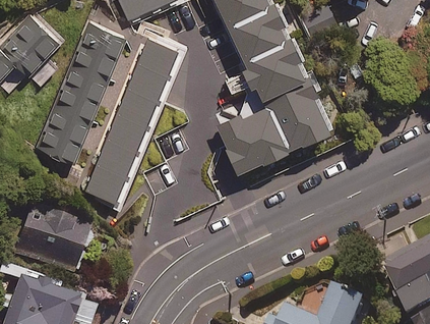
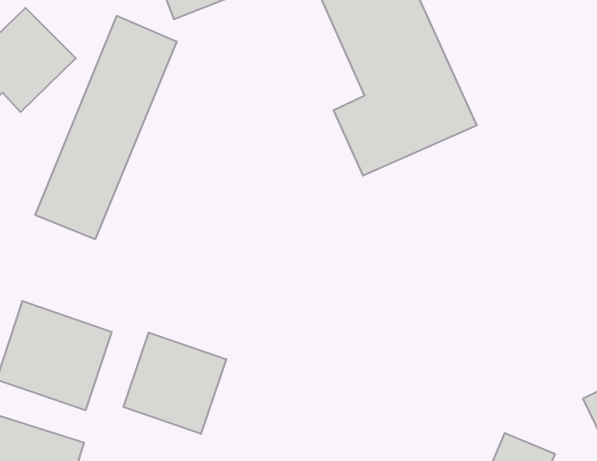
building: [83,43,179,208] -> none
building: [218,89,334,179] -> none
building: none -> [124,332,226,434]

